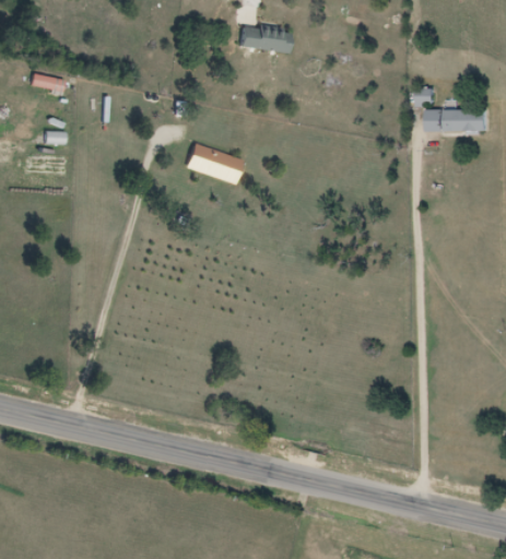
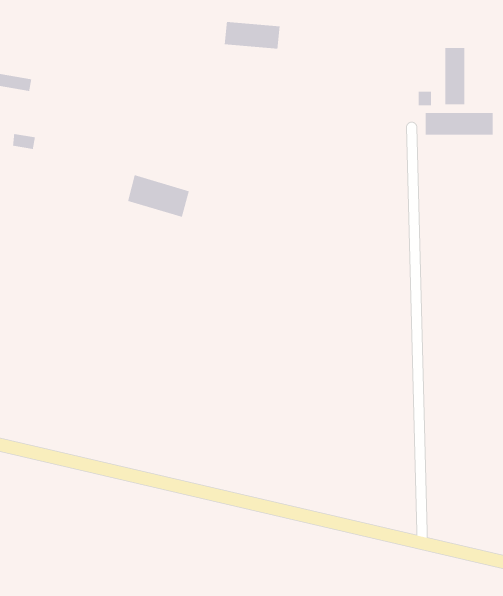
building: none -> [445,47,465,105]
building: [186,143,244,183] -> [127,174,190,218]

